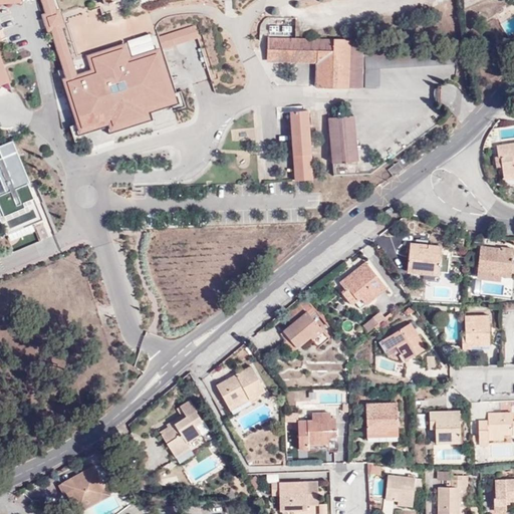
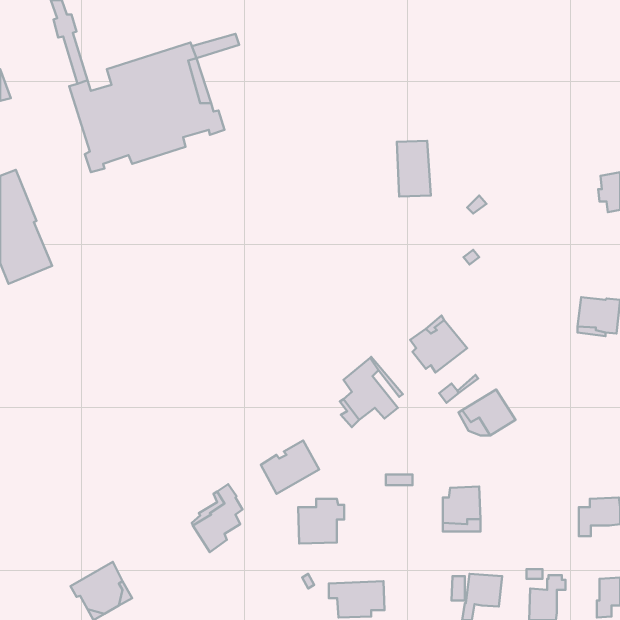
building: [267,38,362,87] -> none
building: [290,110,312,181] -> none
building: [408,243,450,274] -> none
building: [463,315,489,348] -> none
building: [430,412,461,444] -> none
building: [297,413,335,450] -> [298,499,344,544]

